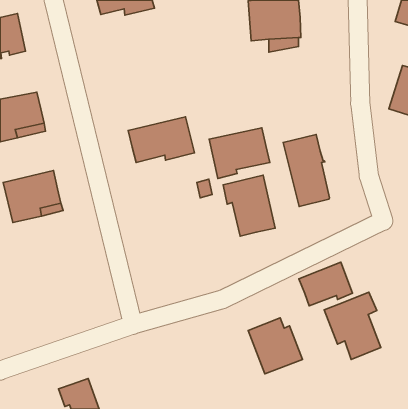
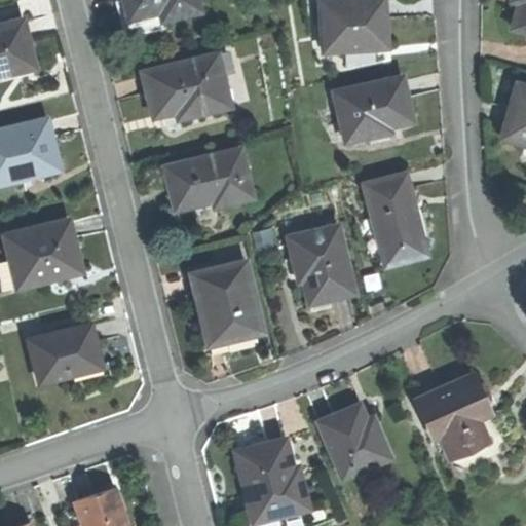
building: none -> [142,53,229,117]
building: [209,128,270,178] -> [333,77,411,142]
building: none -> [191,260,262,344]
building: none -> [27,324,100,383]
building: [299,262,353,306] -> none
building: none -> [234,443,306,520]

